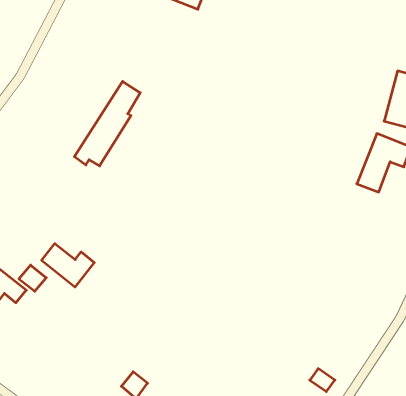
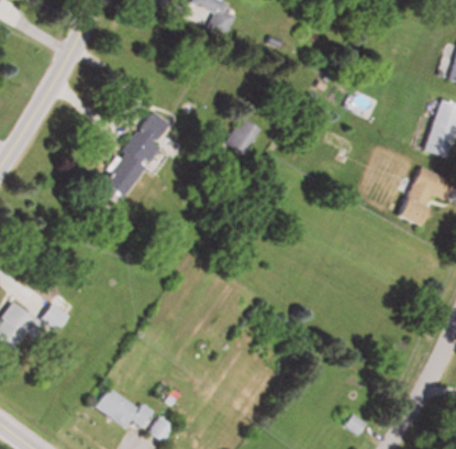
building: none -> [227,118,260,155]
building: [42,244,94,287] -> none
building: none -> [94,386,156,429]

